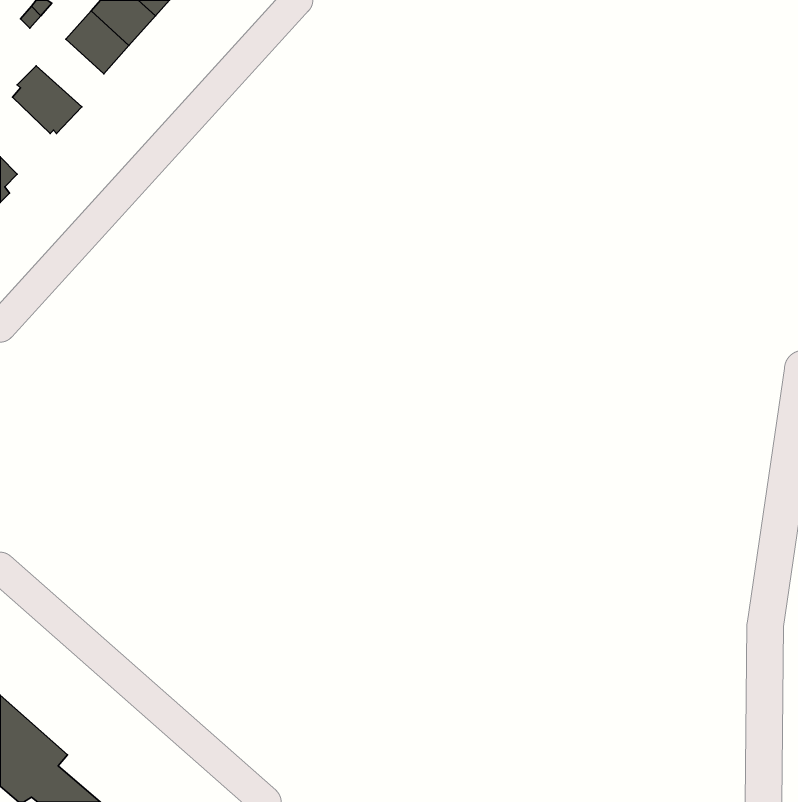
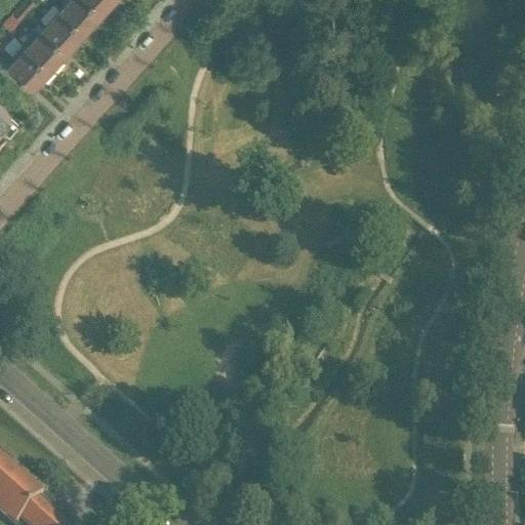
building: none -> [27,26,72,70]

